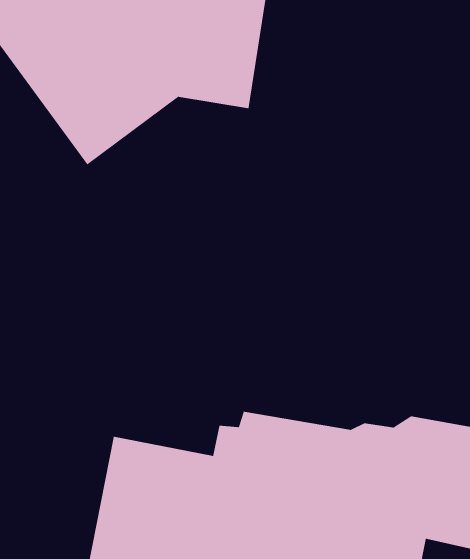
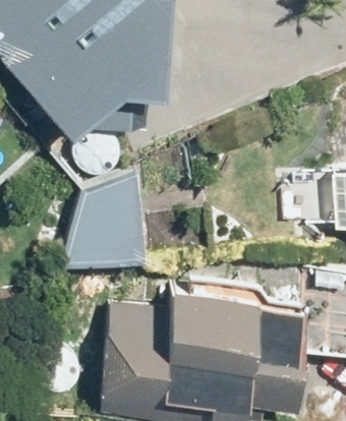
building: none -> [58,174,142,272]

